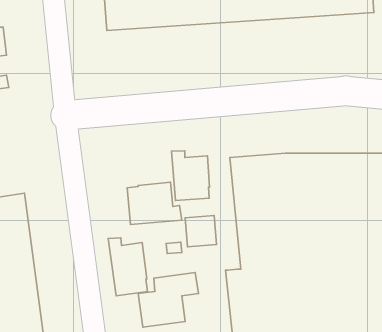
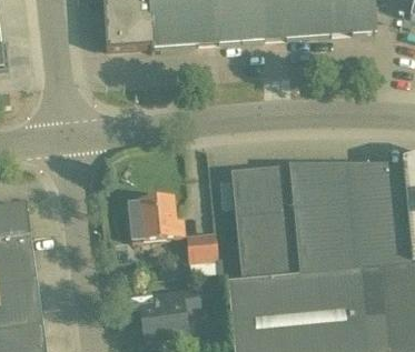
building: [171,151,209,201] -> none
building: [108,238,147,296] -> none

